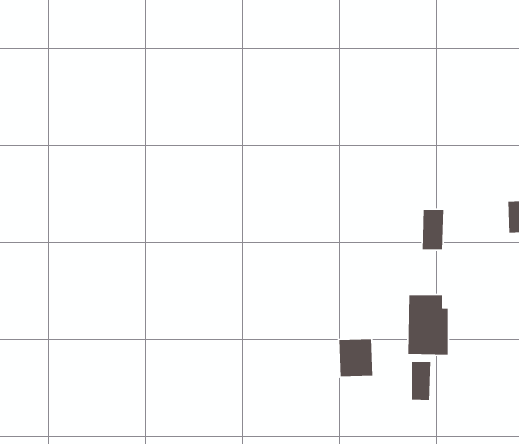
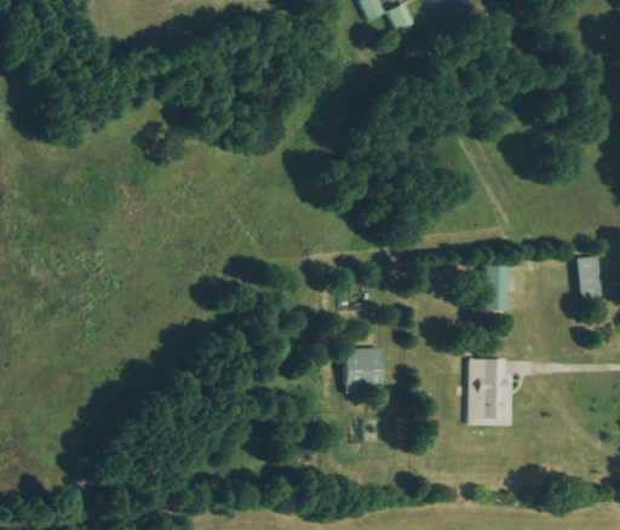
building: [339,338,373,377] -> [344,347,381,390]
building: [411,361,431,401] -> none

